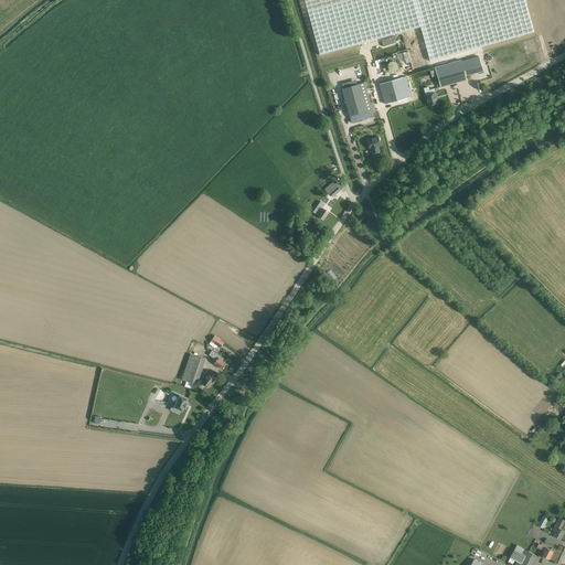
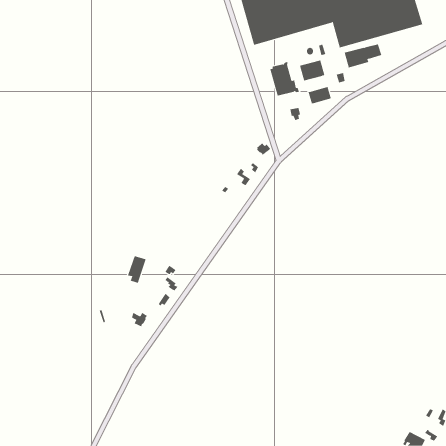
building: none -> [308,86,331,104]
building: [180,353,204,388] -> [127,256,146,284]

